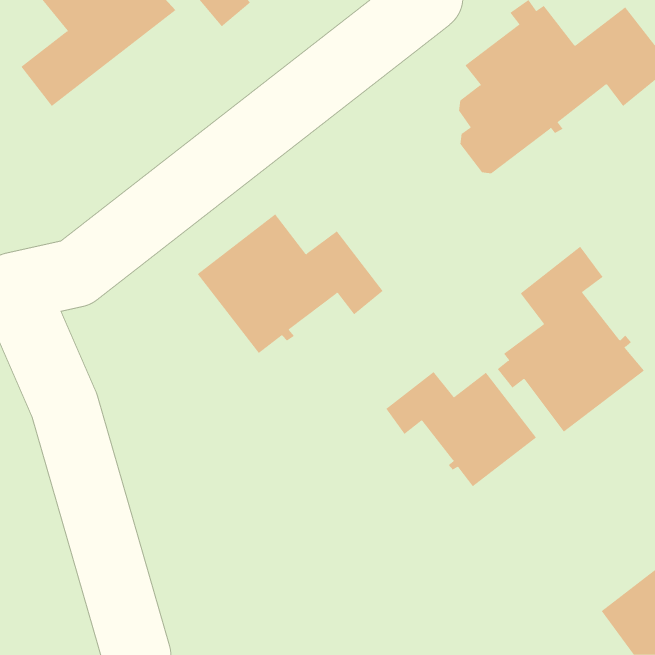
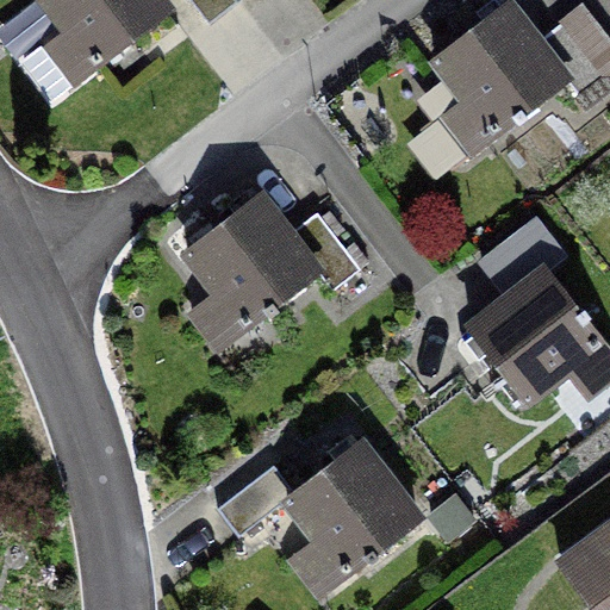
building: [386,371,537,487] -> none
building: none -> [214,444,415,574]

